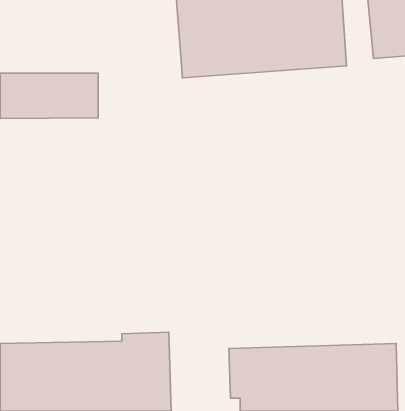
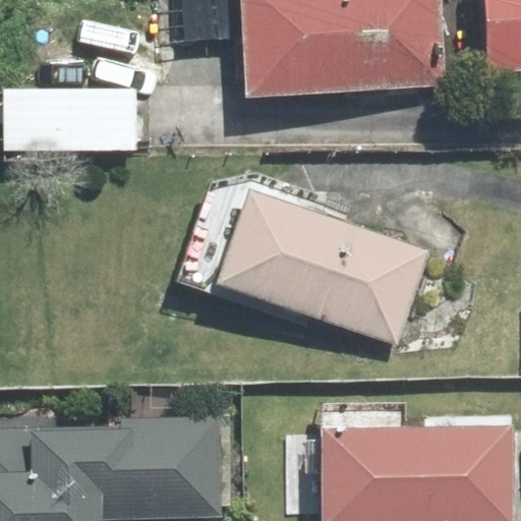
building: none -> [212,195,427,343]

